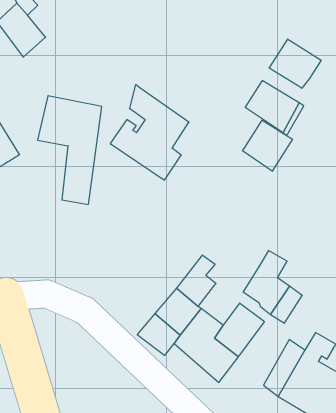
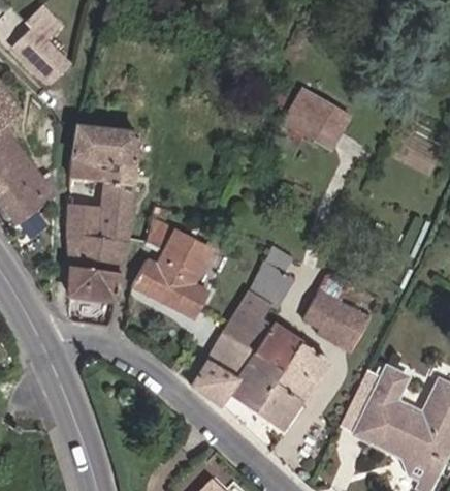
building: [269,39,321,88] -> none
building: [110,85,189,180] -> [133,215,217,316]
building: [243,120,293,171] -> none
building: none -> [67,176,129,297]
building: none -> [255,244,296,303]
building: none -> [254,319,298,364]

